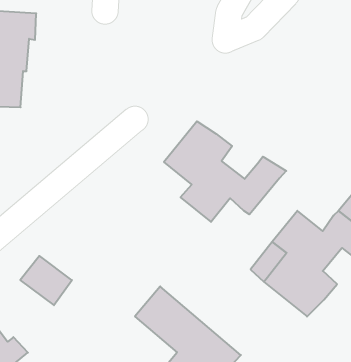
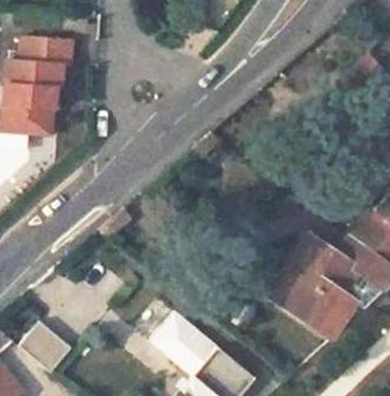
building: [164,121,286,222] -> none
building: [20,256,72,305] -> [24,321,75,370]

